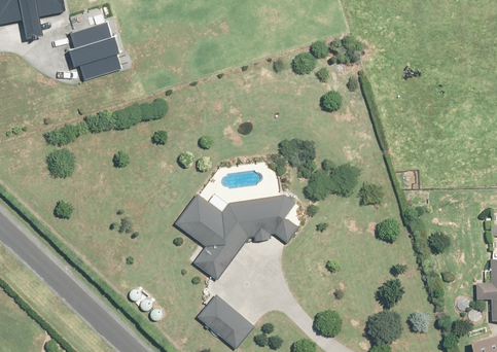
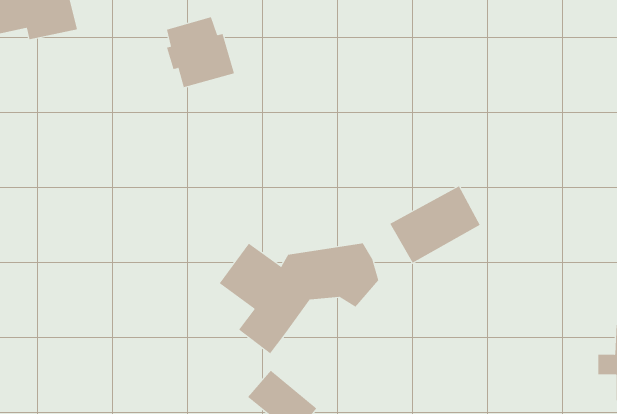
building: [71,23,126,79] -> [166,17,235,88]
building: none -> [389,186,480,263]

